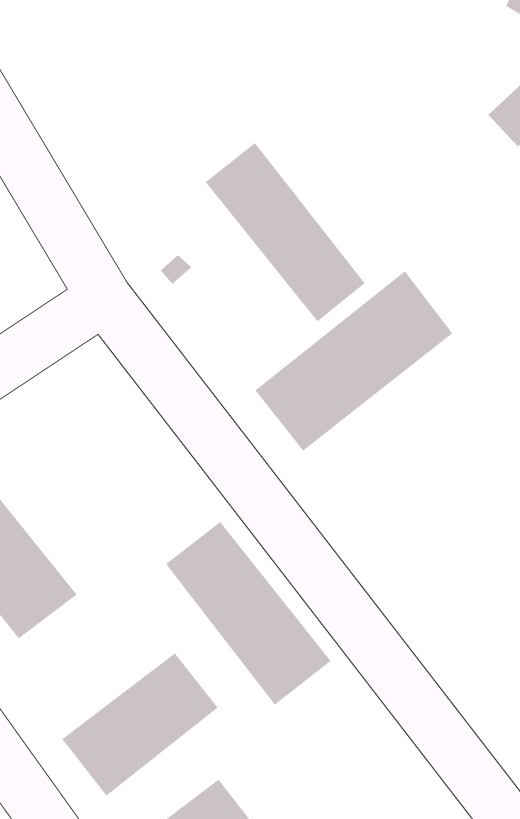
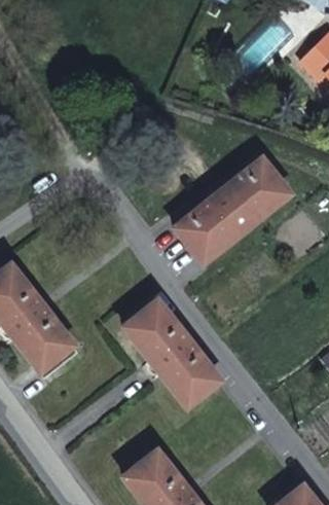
building: [205,142,365,322] -> none
building: [62,652,218,797] -> none

